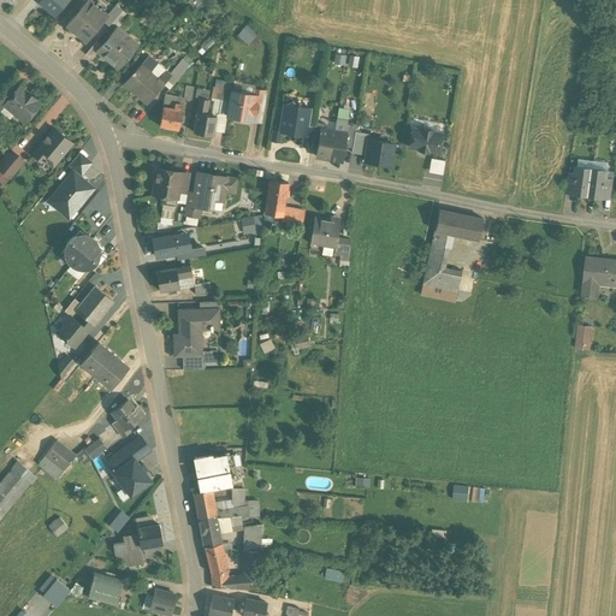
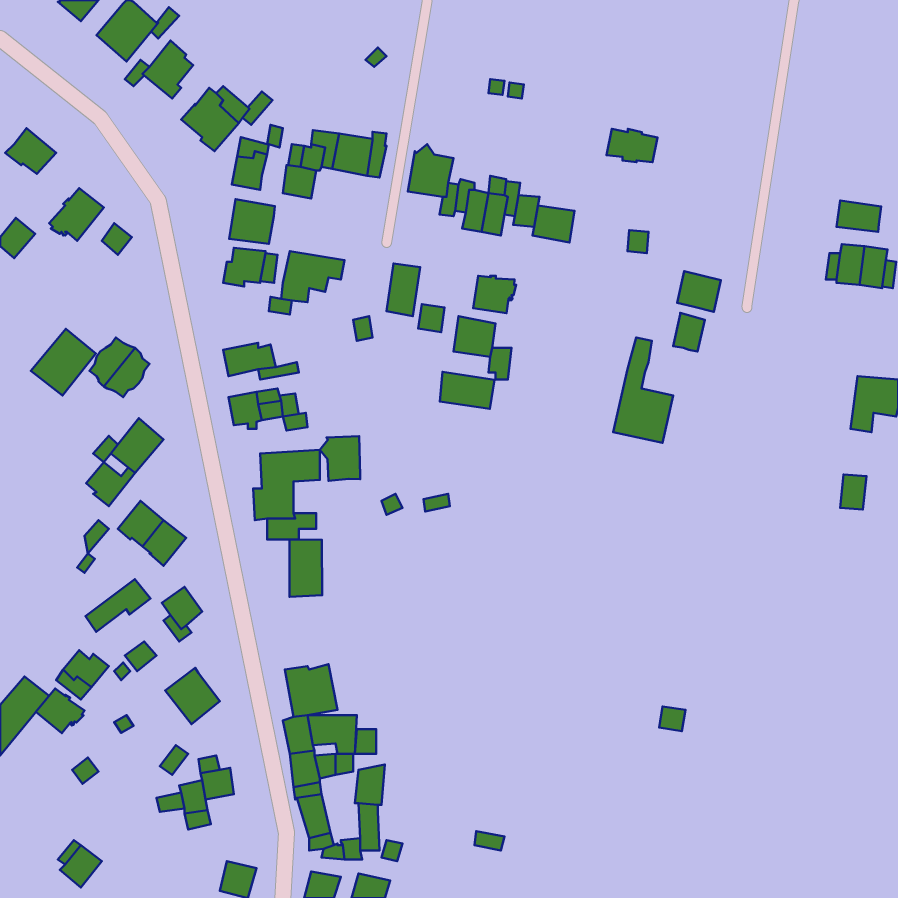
building: [408,129,443,152] -> [607,129,658,162]
building: none -> [229,199,275,244]
building: none -> [837,200,881,232]
building: [48,172,93,218] -> [31,329,96,396]
building: none -> [473,276,516,313]
building: [436,209,466,237] -> [677,271,721,312]
building: none -> [440,372,495,409]
building: none -> [320,436,360,481]
building: none -> [289,540,322,597]
building: [106,437,150,473] -> [86,579,151,632]
building: none -> [36,689,84,733]
building: [87,571,122,605] -> none

